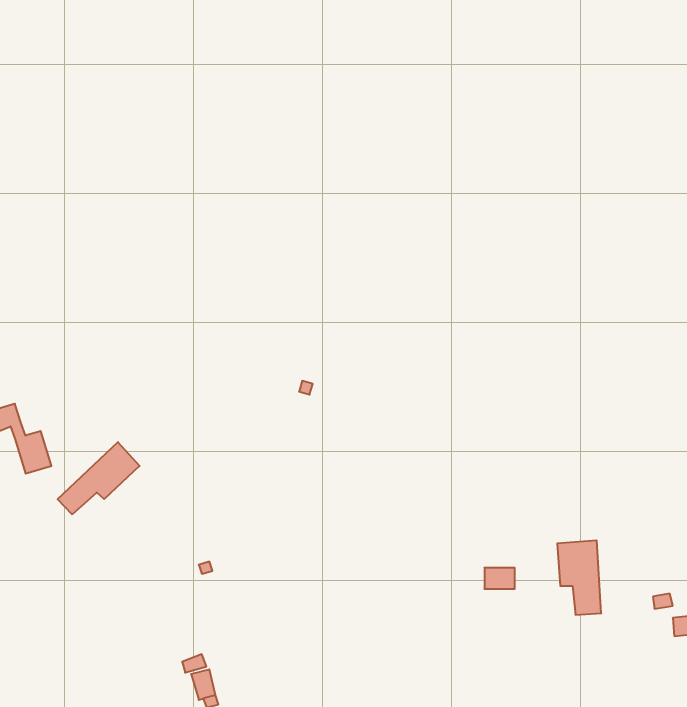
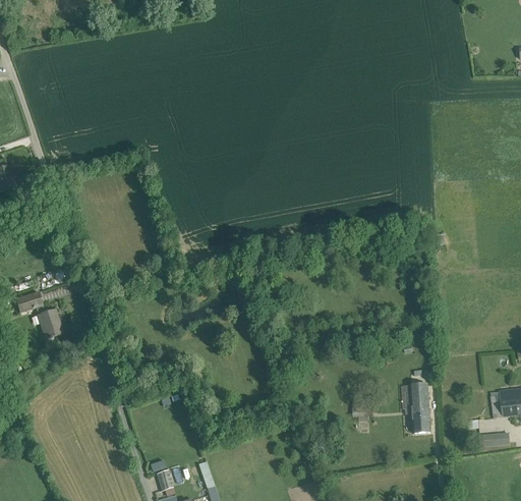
building: [58,442,140,514] -> none

